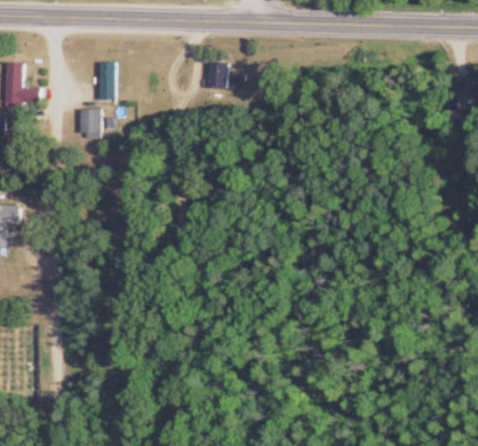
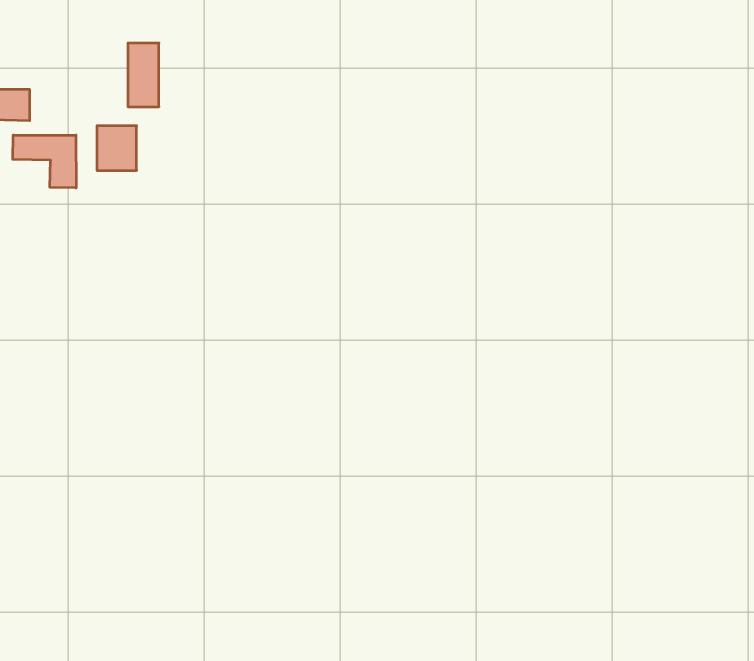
building: [207,62,228,88] -> none
building: none -> [13,135,76,188]

